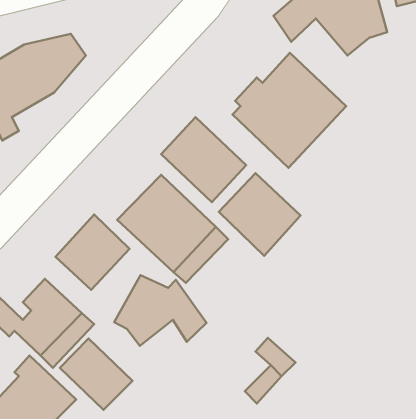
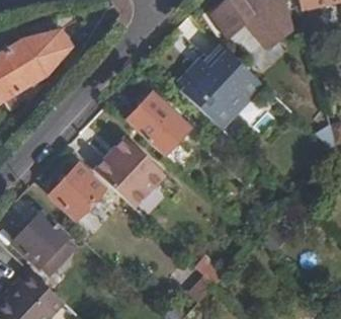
building: [219,173,301,256] -> none
building: [114,275,207,346] -> none
building: [60,339,132,410] -> none

